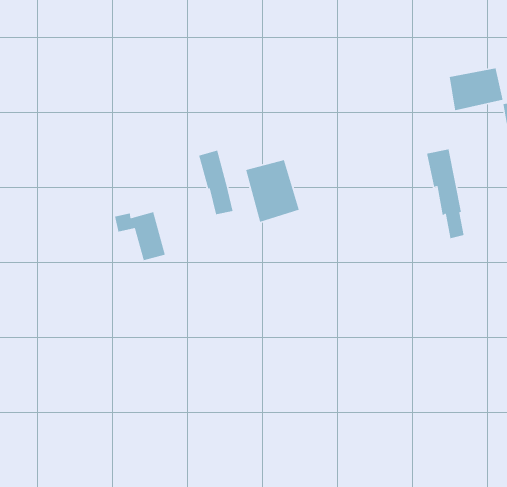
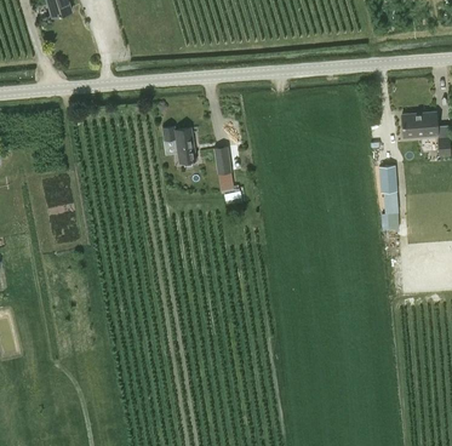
building: [245,159,300,223] -> none
building: [114,211,166,261] -> [162,126,196,162]

